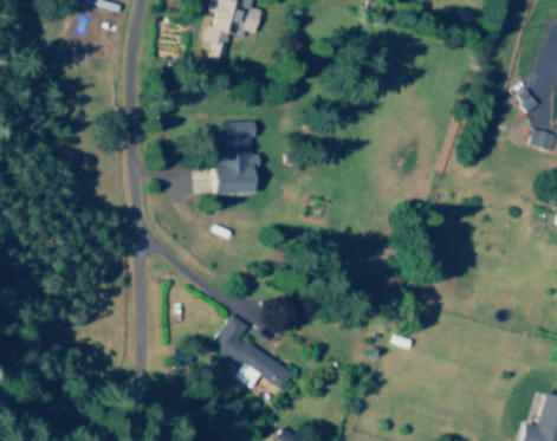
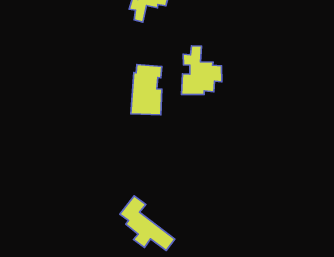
building: none -> [182,46,222,95]

